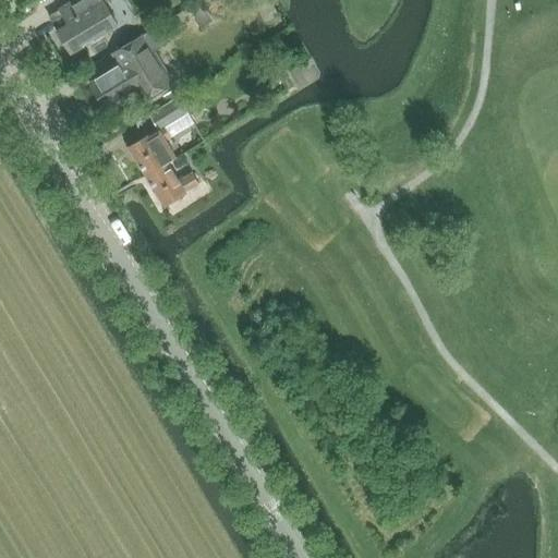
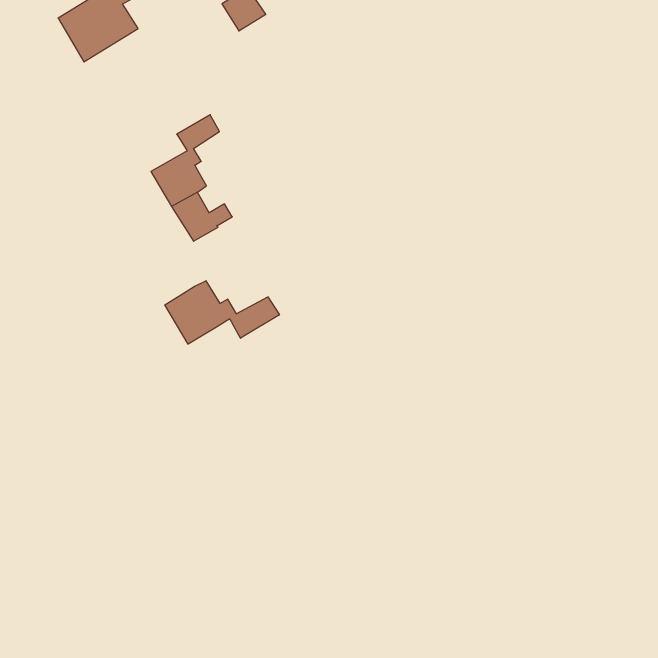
building: [88,35,172,109] -> none
building: none -> [165,281,279,344]

